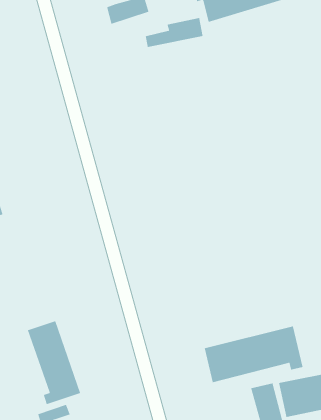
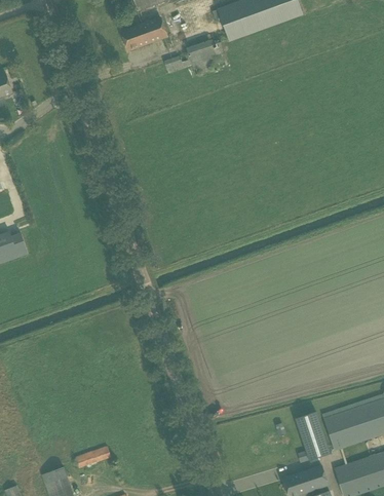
building: [27,320,81,405] -> none
building: [204,325,304,383] -> none

